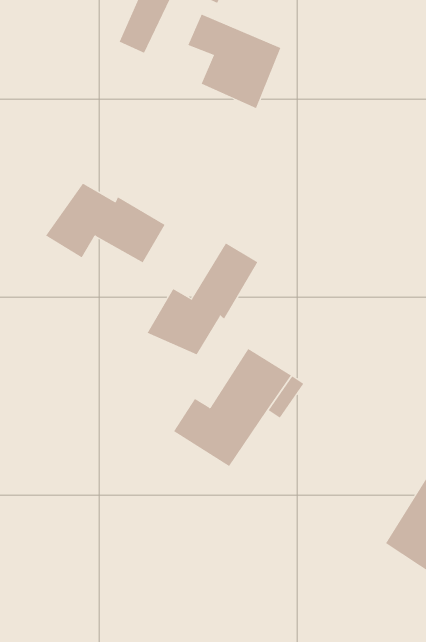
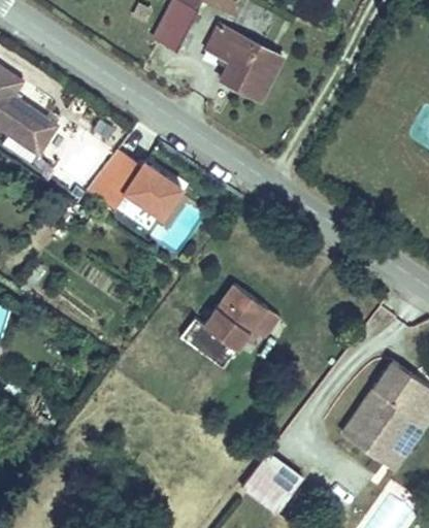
building: [147,242,258,355] -> none
building: none -> [242,451,304,512]

